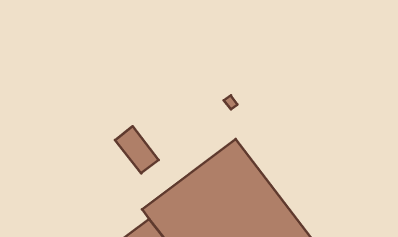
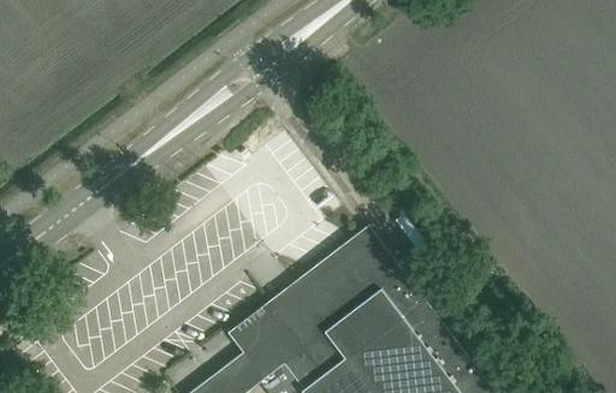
building: [115,126,159,173] -> none

